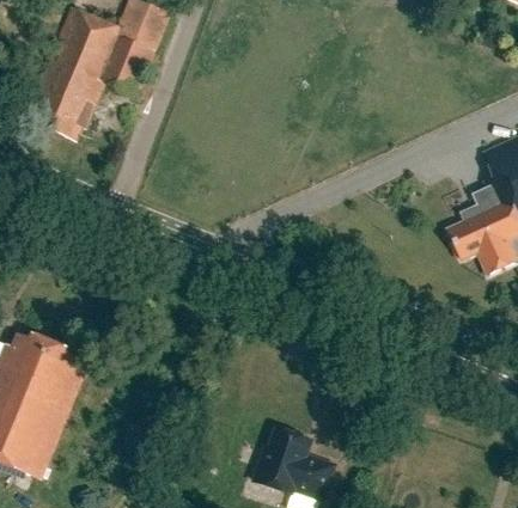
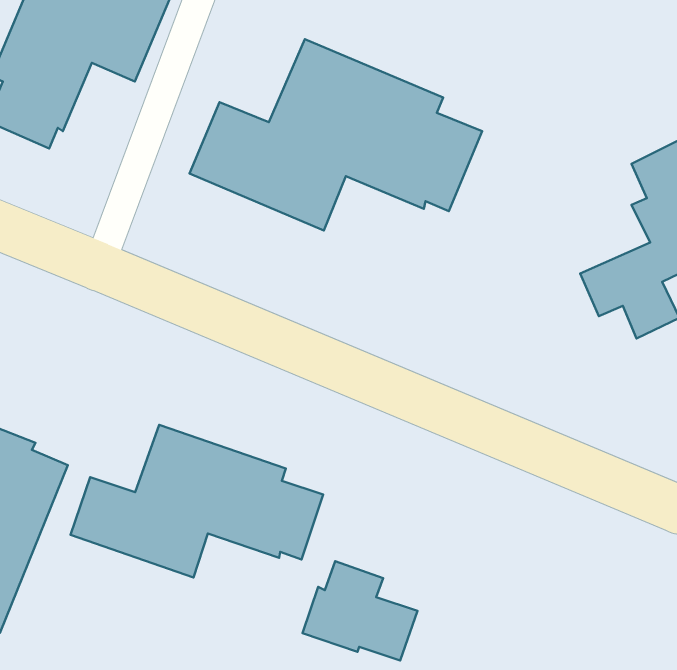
building: none -> [189,39,482,230]
building: none -> [70,425,323,577]

